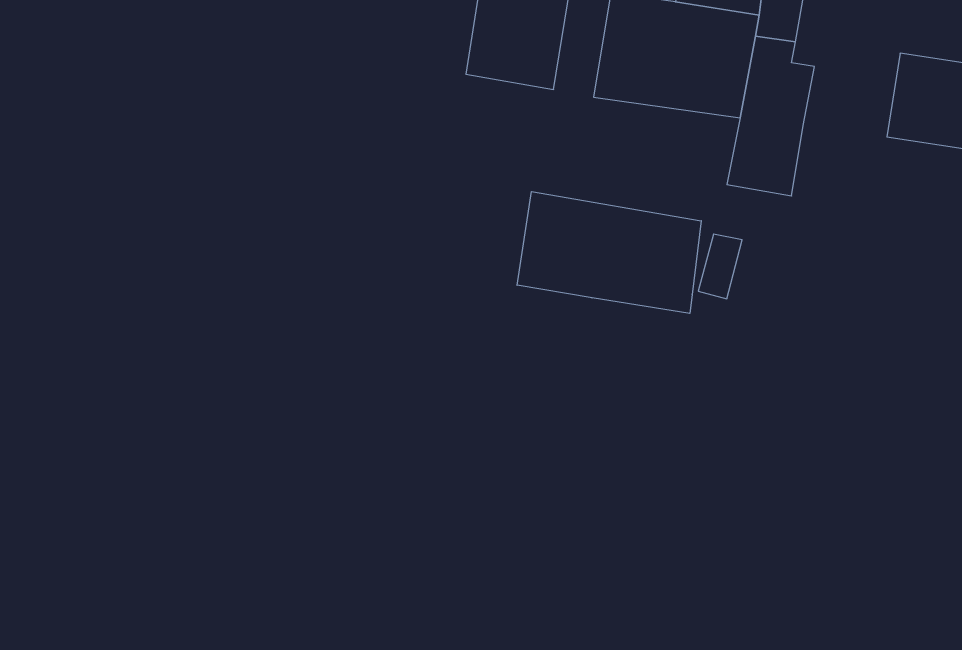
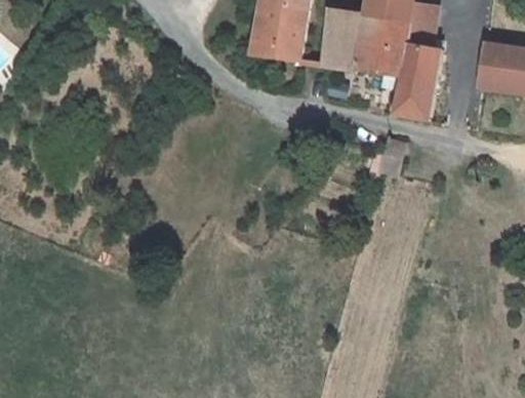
building: [517,192,701,313] -> none

